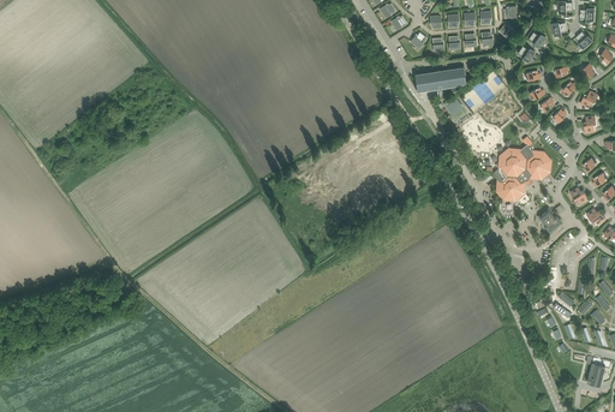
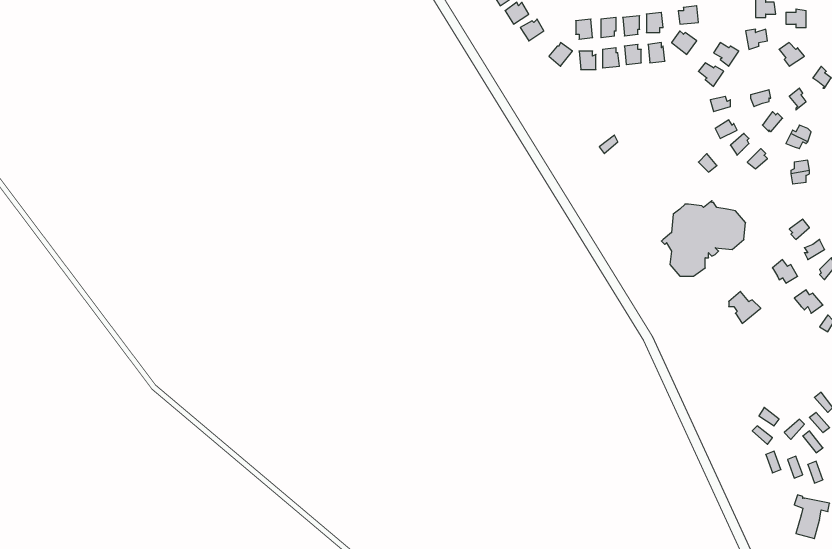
building: [414,67,466,92] -> none

